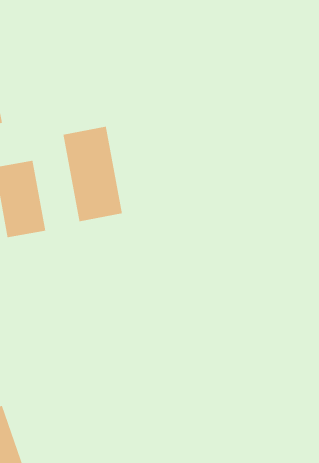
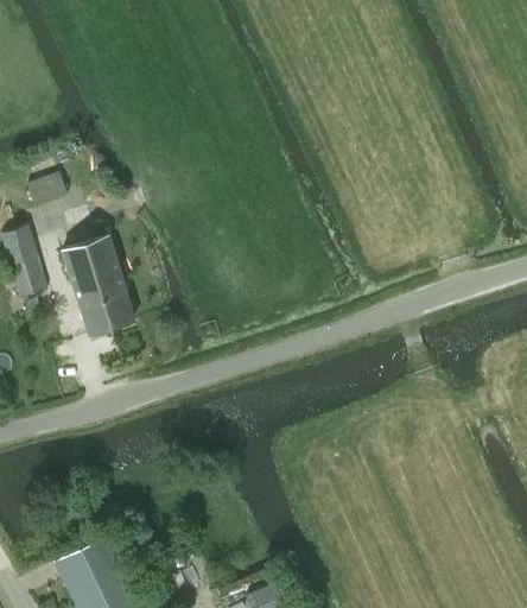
building: [63,126,123,222] -> none

